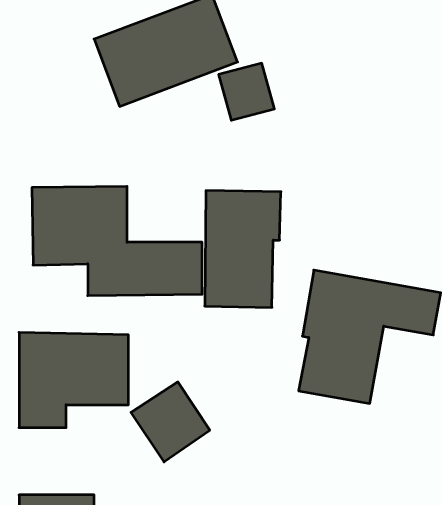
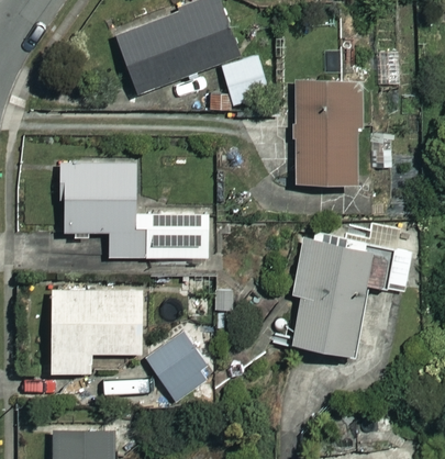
building: [205,191,281,307] -> [294,80,360,181]

